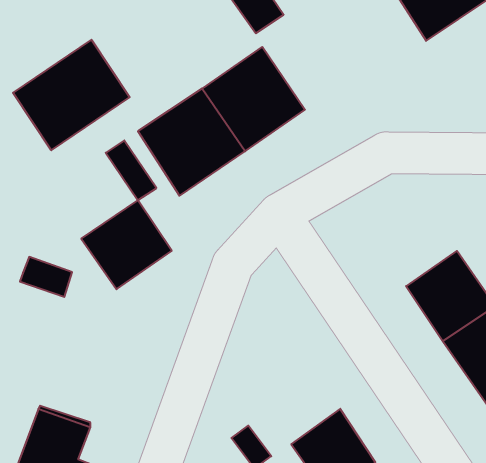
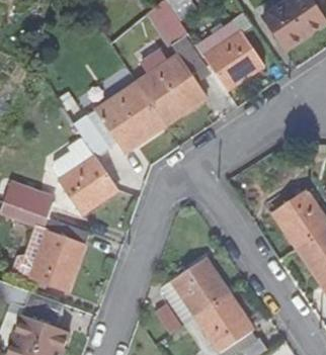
building: none -> [205,30,262,90]
building: [13,40,130,150] -> none
building: none -> [29,221,86,291]
building: none -> [171,257,228,317]

